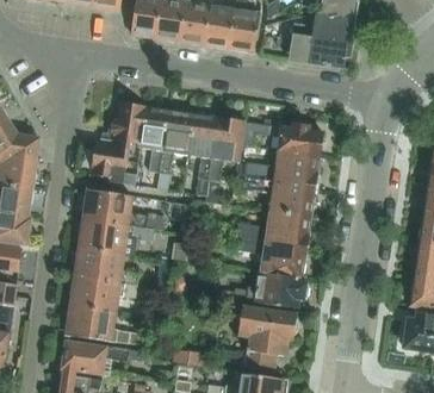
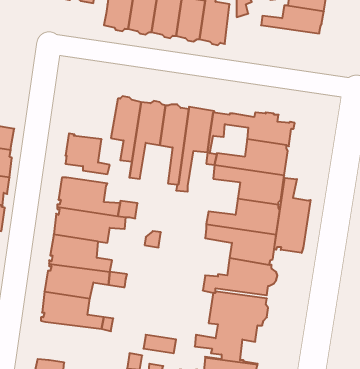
building: [287,32,351,67] -> none
building: [99,101,144,149] -> none
building: none -> [274,178,311,253]
building: [61,341,128,375] -> none

